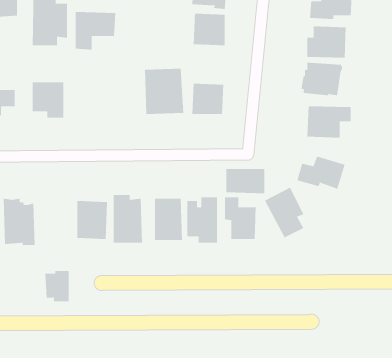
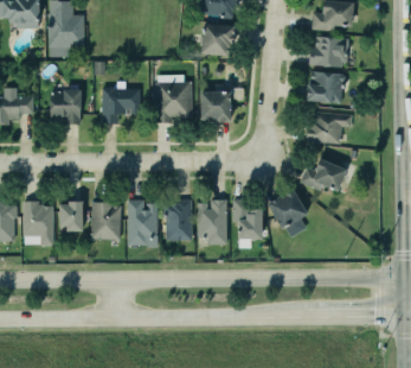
building: [75,12,116,50] -> [103,88,142,125]
building: [226,168,265,194] -> none
building: [44,271,69,302] -> [58,202,82,231]

